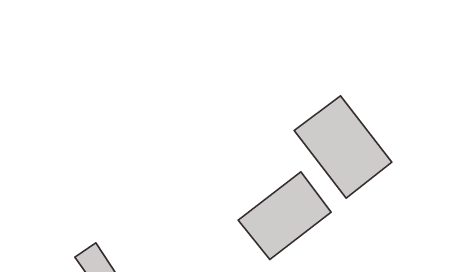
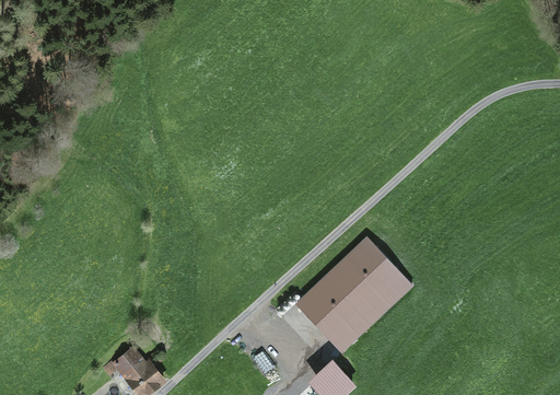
building: [294,96,392,198] -> none

